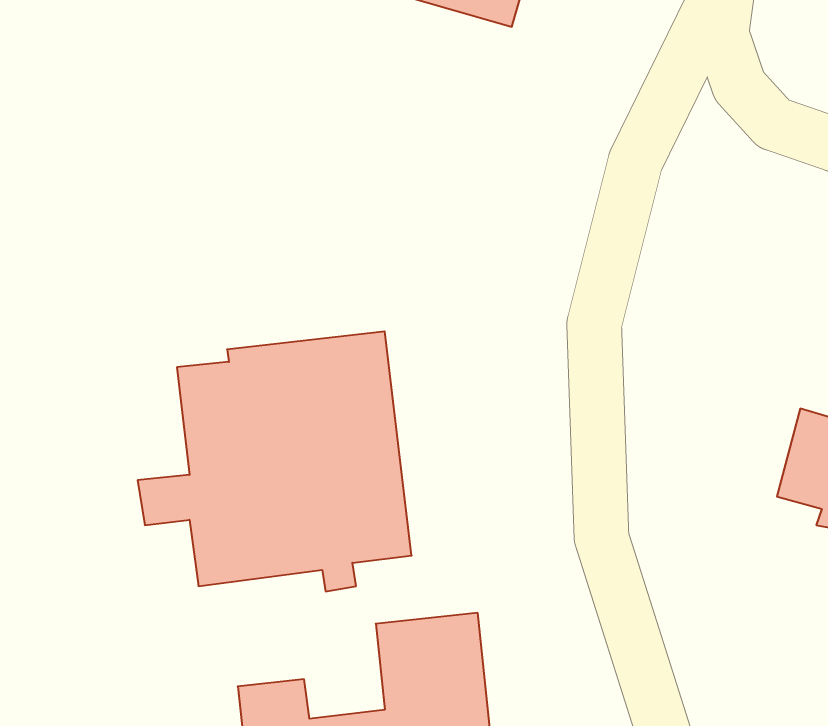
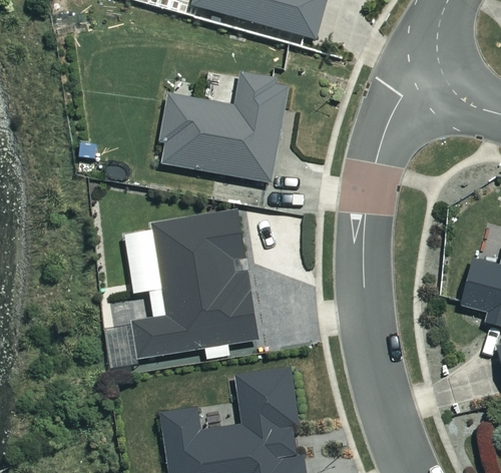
building: none -> [155,76,288,182]

